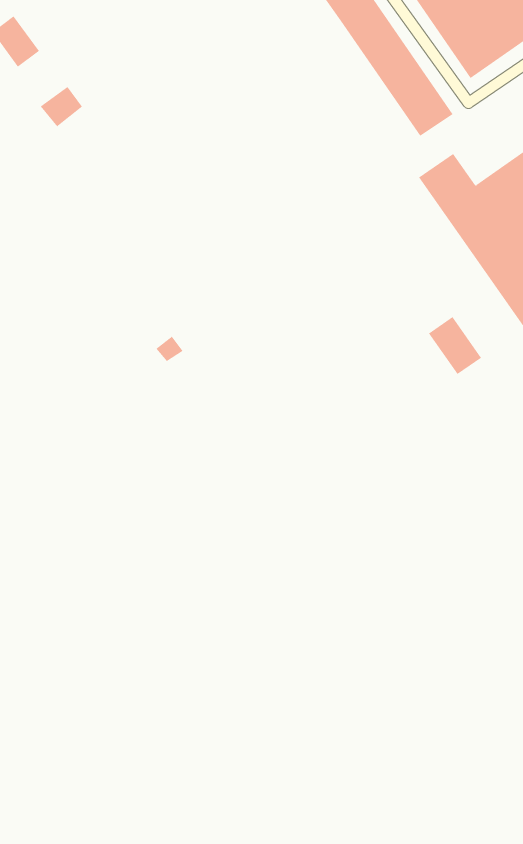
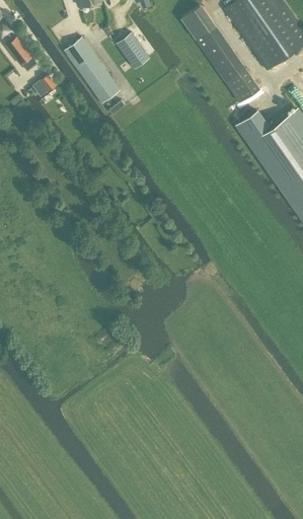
building: none -> [118,33,150,69]
building: none -> [65,38,120,102]
building: [428,316,482,375] -> none

